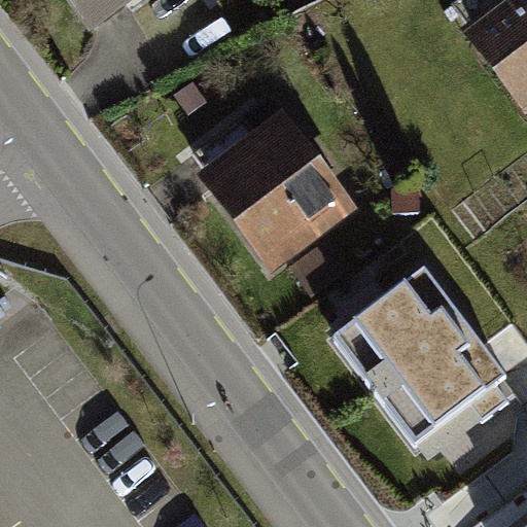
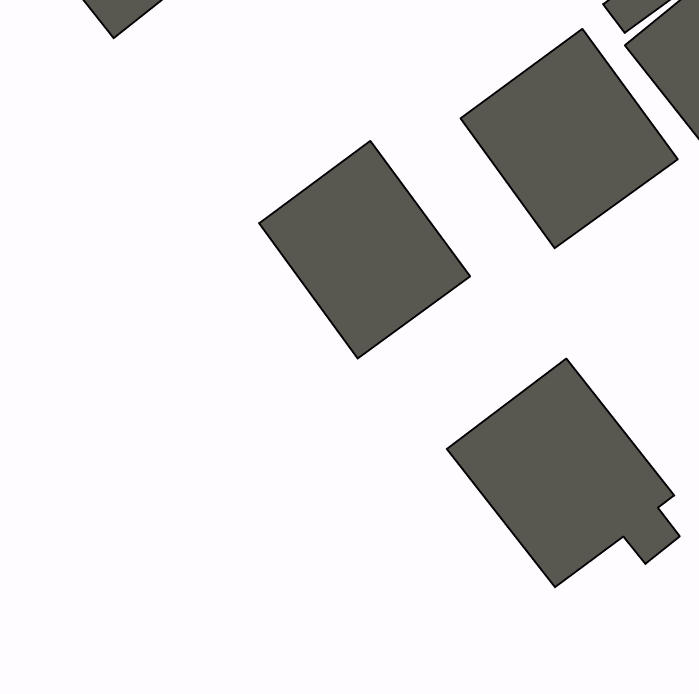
building: none -> [461,29,678,248]

